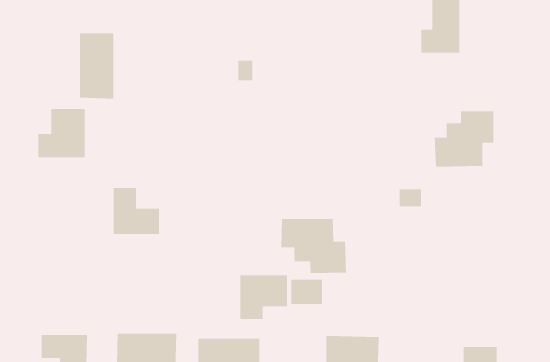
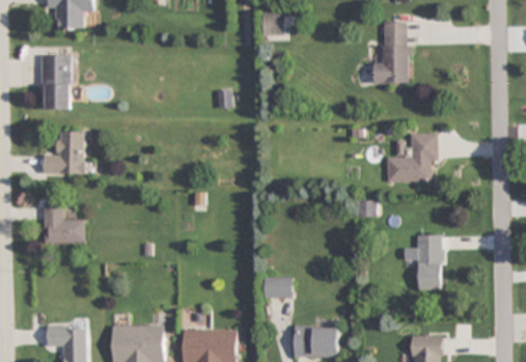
building: [79,33,114,99] -> [41,53,72,110]
building: [113,188,160,235] -> [45,202,85,243]
building: [281,218,346,274] -> none
building: none -> [404,234,440,289]
building: [240,274,288,320] -> none

